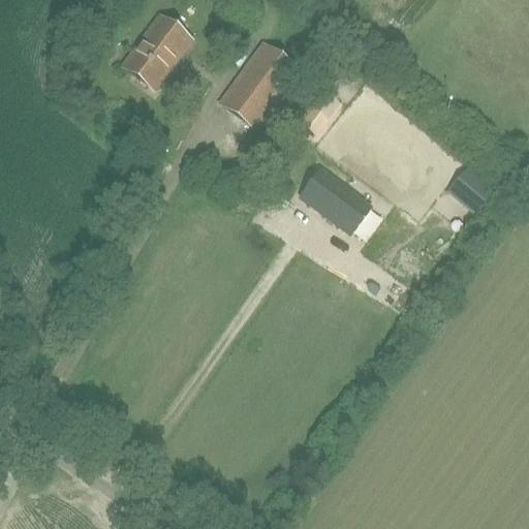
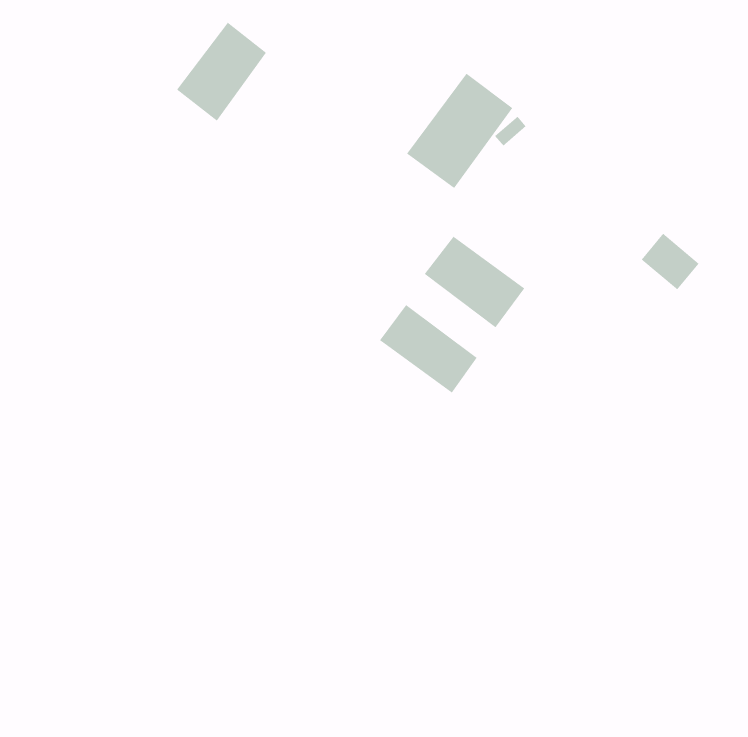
building: [221,43,297,125] -> [406,73,513,189]
building: none -> [379,304,478,393]

